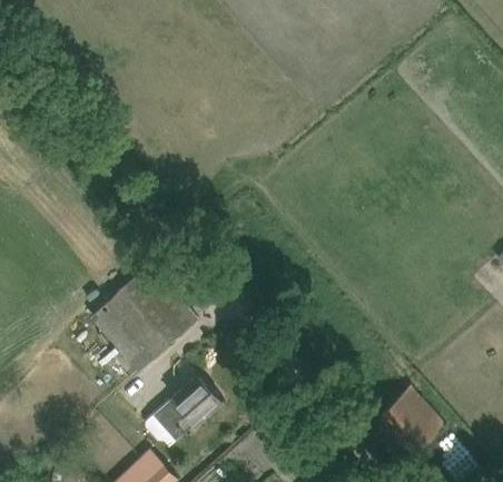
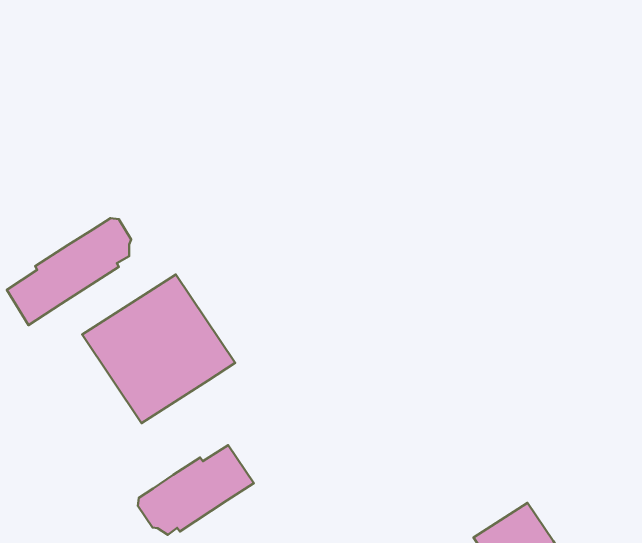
building: none -> [7,218,131,325]

